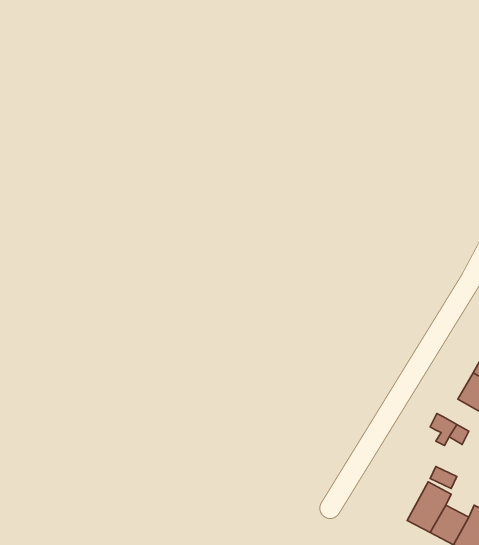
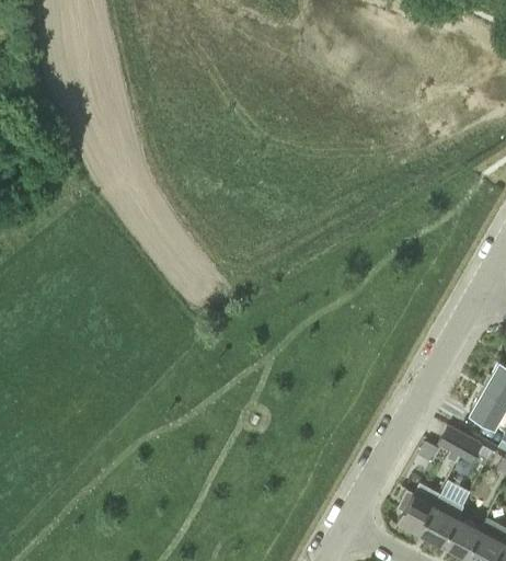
building: none -> [399,485,440,535]

